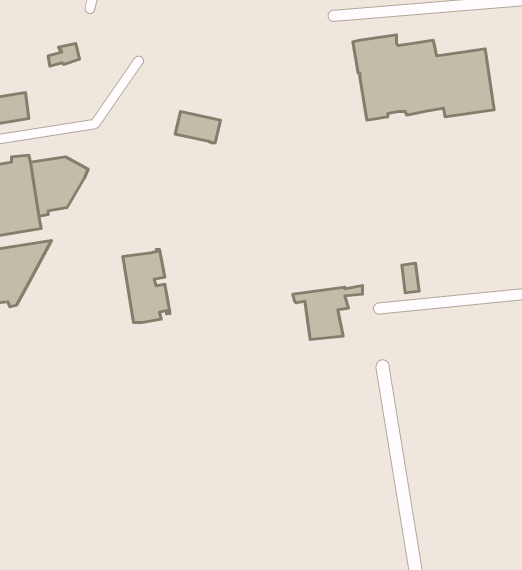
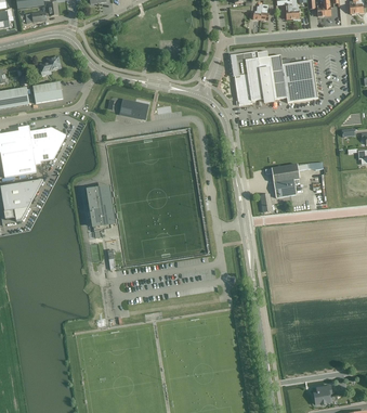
building: none -> [31,81,62,102]
building: [293,285,362,339] -> [264,163,307,196]

